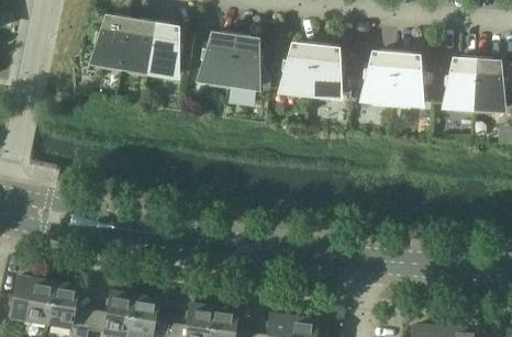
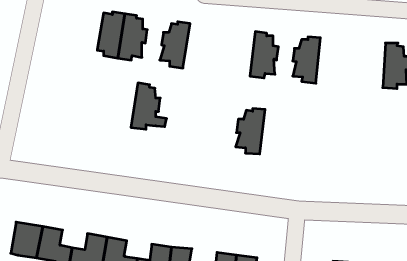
building: [91,14,130,71] -> none
building: [226,33,270,90] -> [131,83,167,129]
building: [279,42,315,98] -> [236,109,265,154]
building: [390,50,424,108] -> none
building: [443,56,476,112] -> none

